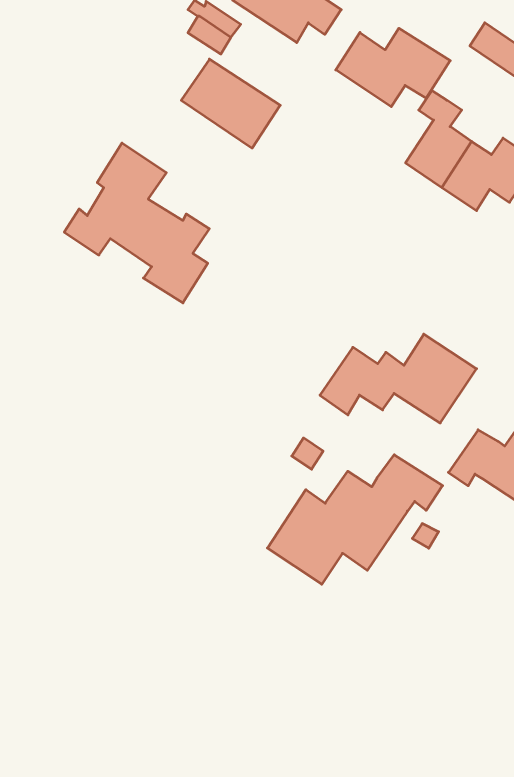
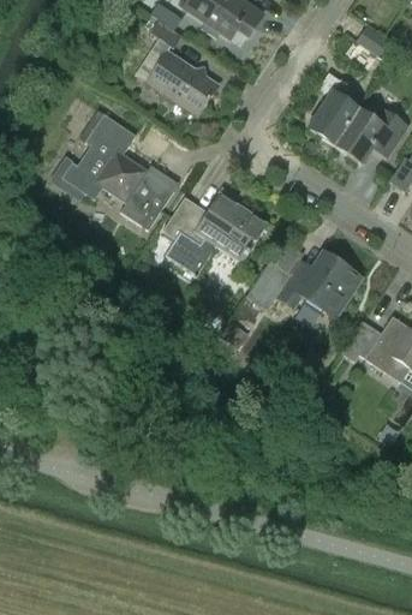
building: [336,28,450,107] -> none
building: none -> [163,191,268,277]
building: [267,455,443,584] -> none

